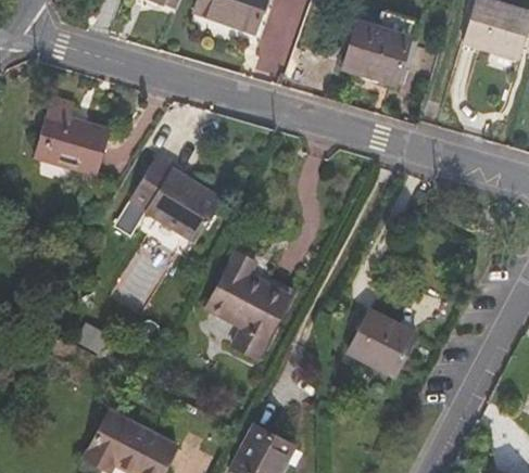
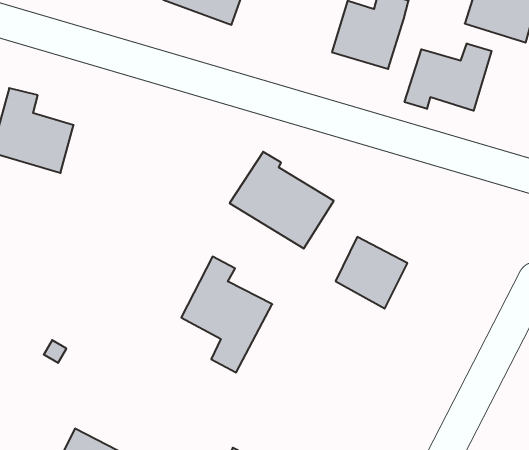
building: none -> [405,43,492,111]
building: [127,154,222,242] -> [230,152,334,249]
building: [350,310,415,375] -> [336,237,407,309]

